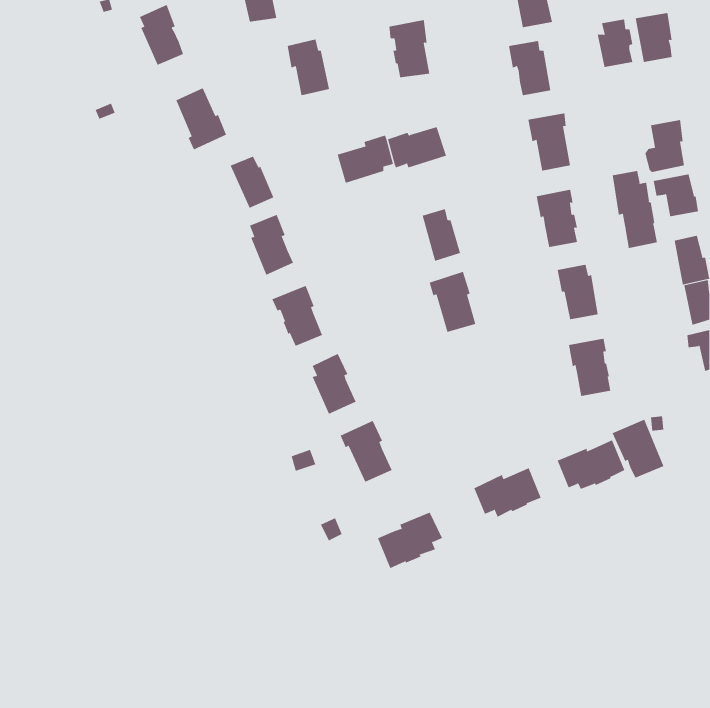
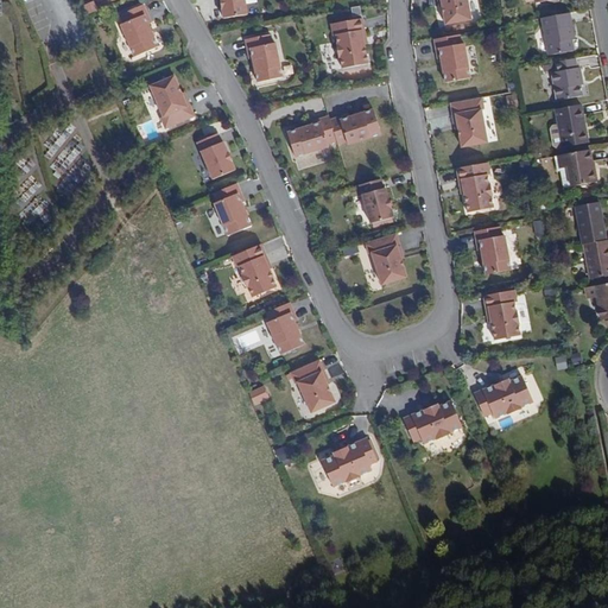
building: [597,19,633,68] -> [551,57,582,99]
building: [612,170,658,249] -> none
building: [612,419,664,478] -> none

